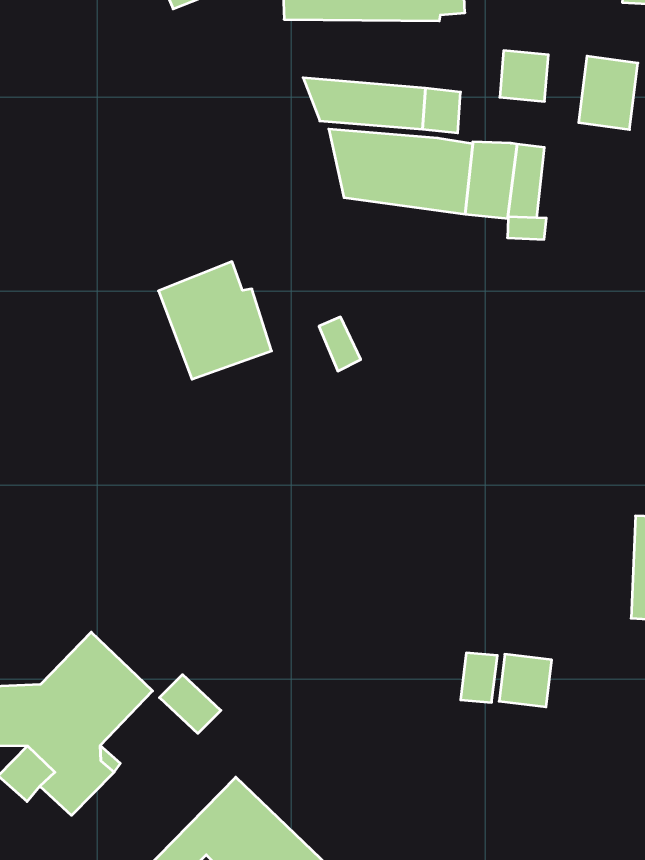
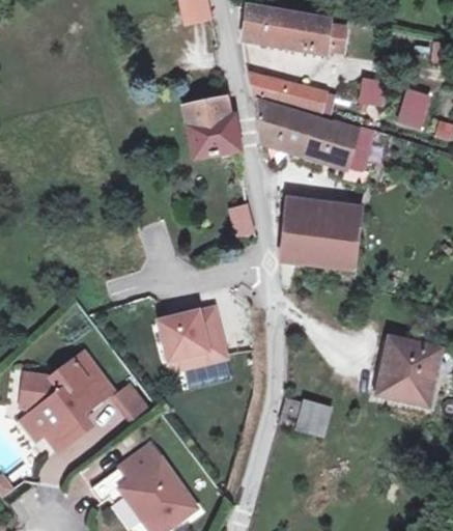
building: [158,262,272,379] -> [183,97,239,158]
building: none -> [282,207,360,282]
building: none -> [158,306,225,367]

